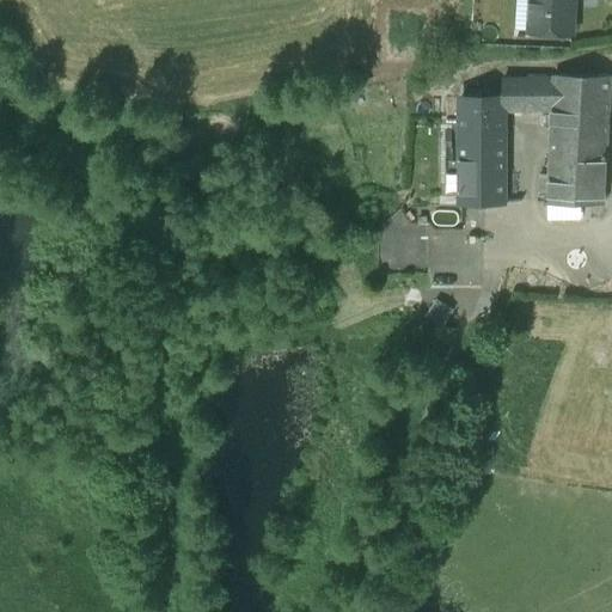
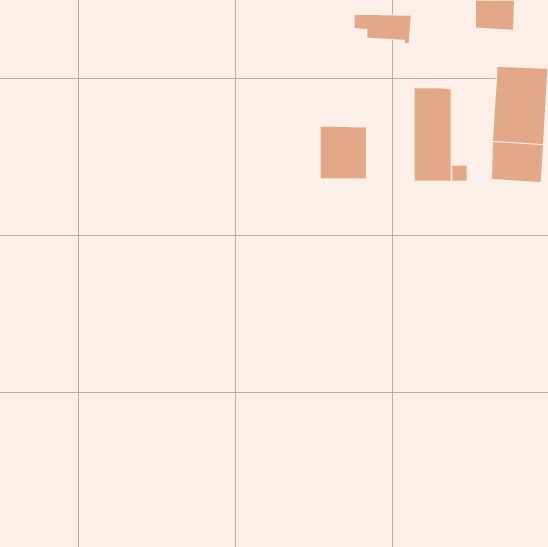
building: [489,84,553,116] -> [354,14,412,43]
building: none -> [320,126,367,180]

